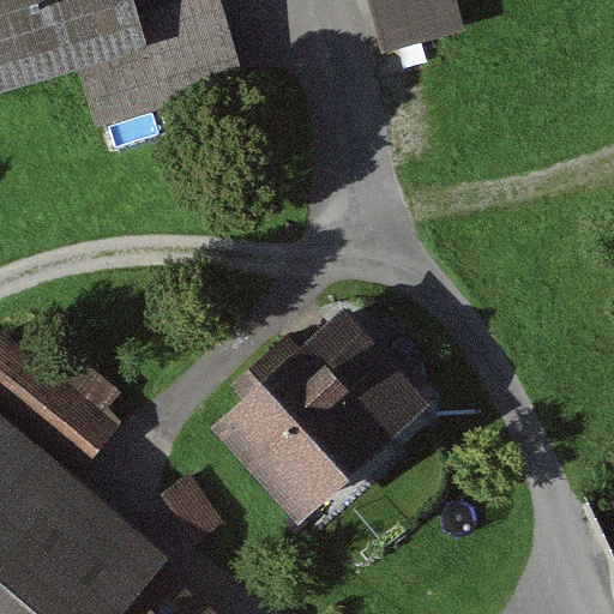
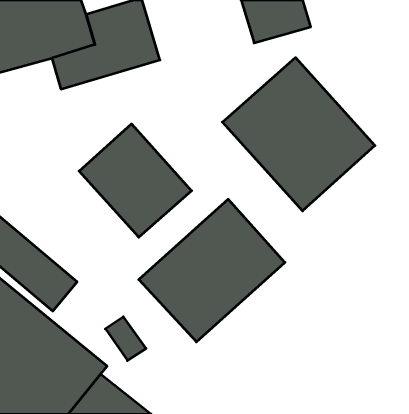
building: none -> [222,58,375,211]
building: none -> [79,124,192,237]

